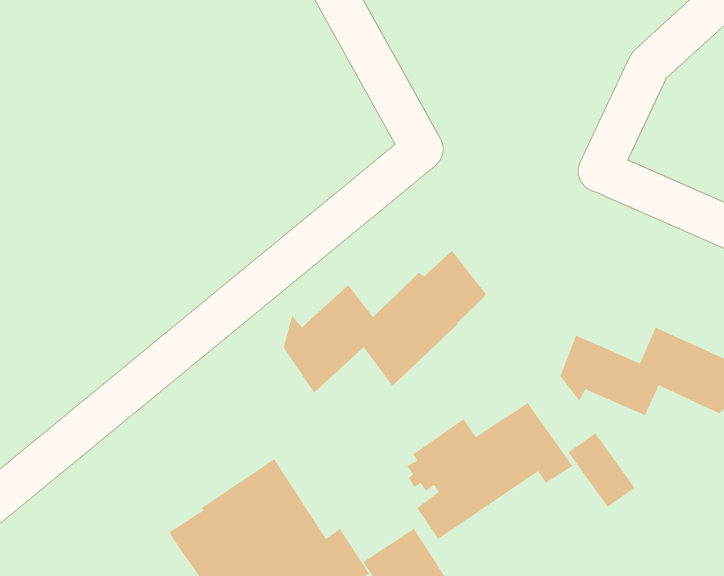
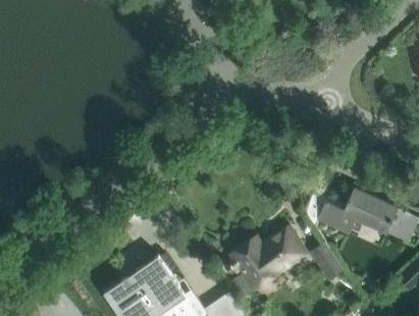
building: [283,250,487,393] -> none

